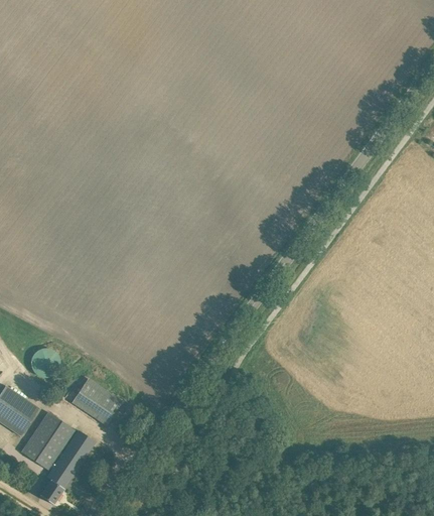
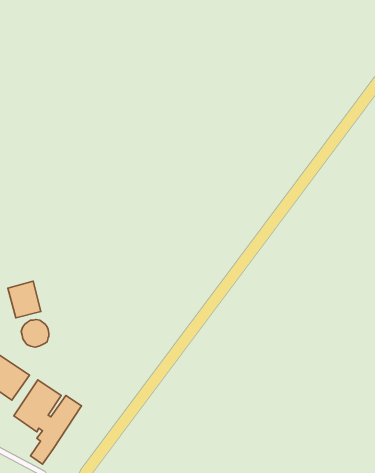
building: none -> [8,281,41,318]
building: [70,377,122,424] -> none

